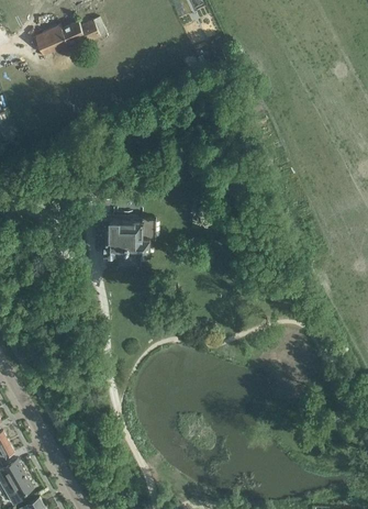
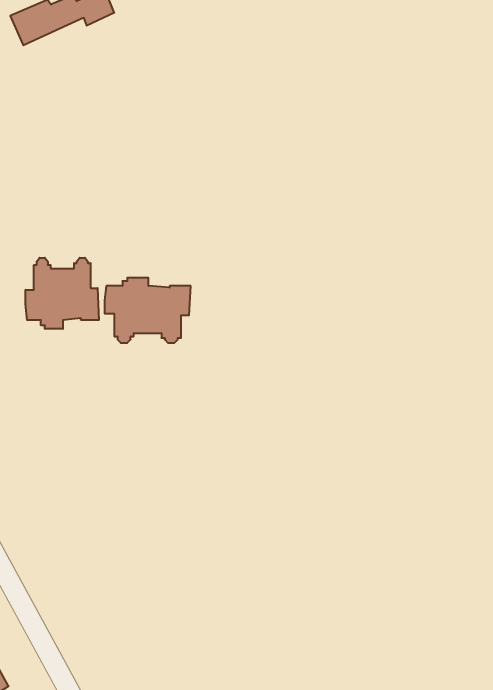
building: none -> [26,258,99,329]

